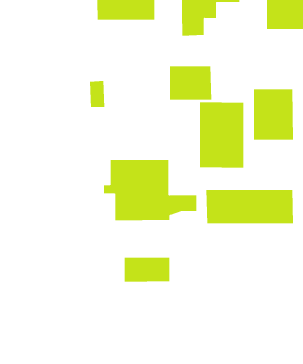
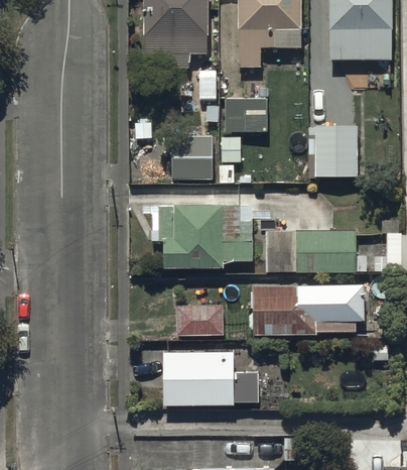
building: none -> [169,138,214,180]
building: [199,101,244,169] -> none
building: none -> [251,284,363,335]
building: none -> [159,352,233,404]

